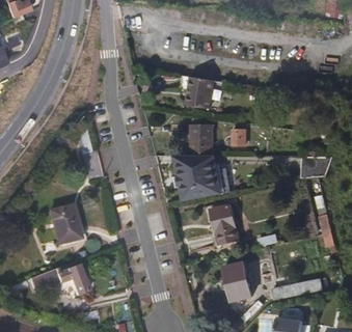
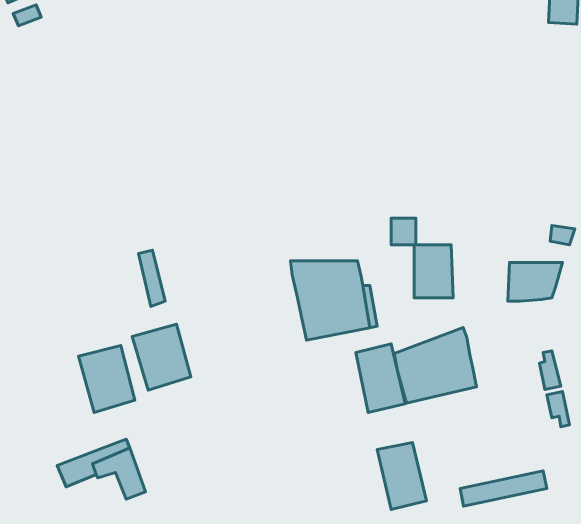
building: [186,76,214,108] -> none
building: [191,123,214,155] -> [414,245,453,298]
building: none -> [132,324,191,390]
building: none -> [394,327,477,403]

